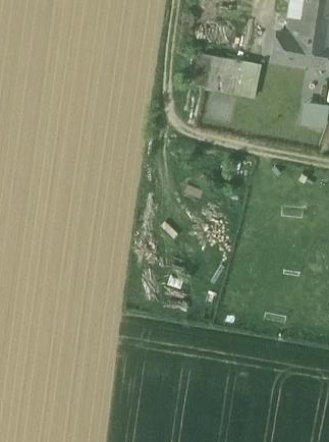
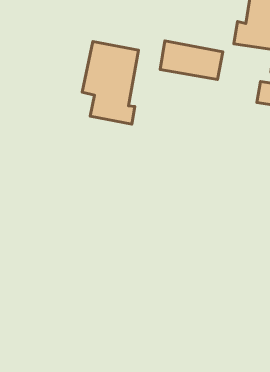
building: none -> [82,42,139,124]

